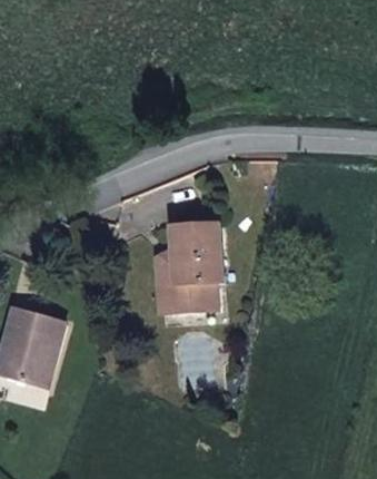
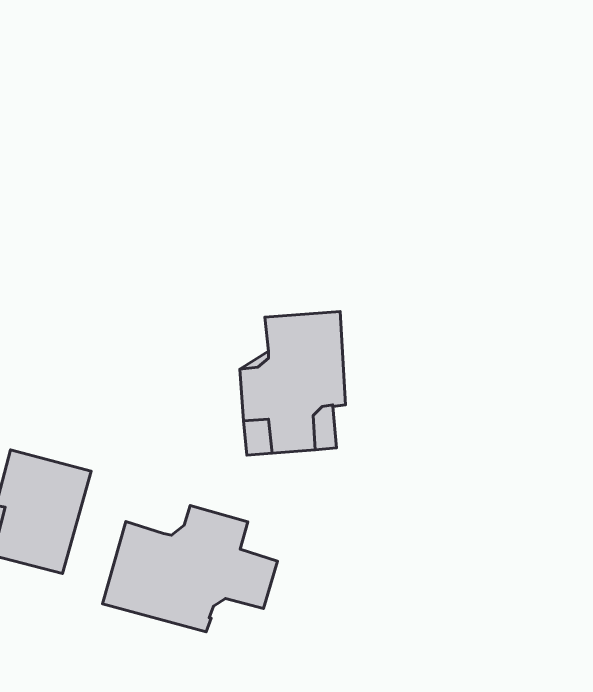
building: none -> [103,506,277,632]

